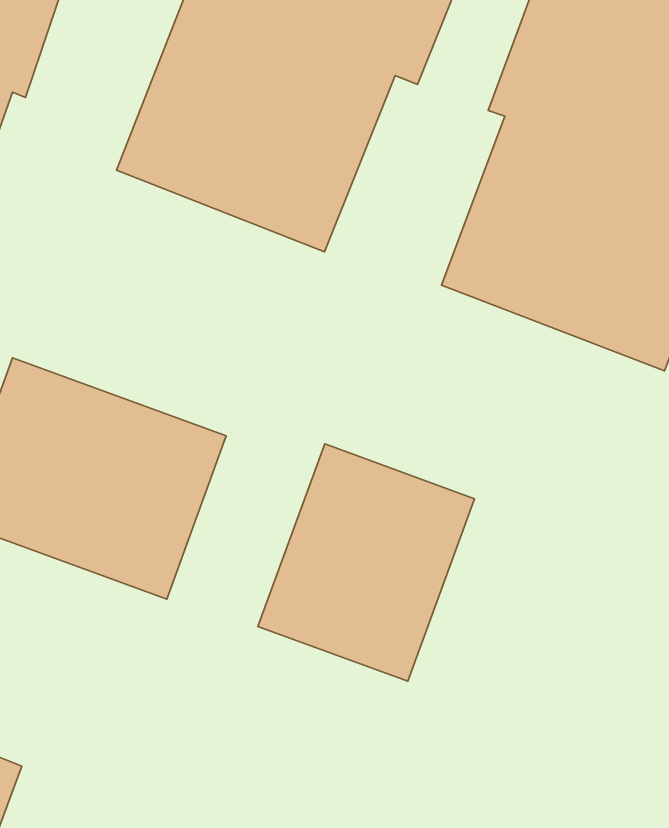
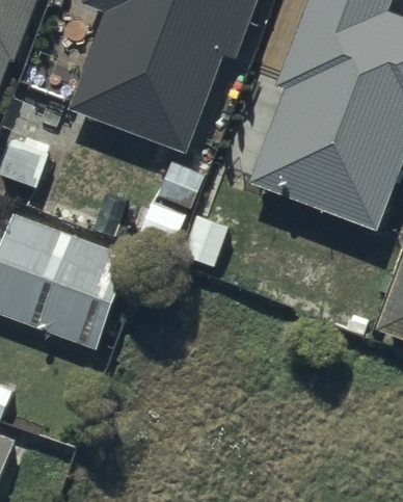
building: [258,444,475,681] -> none

